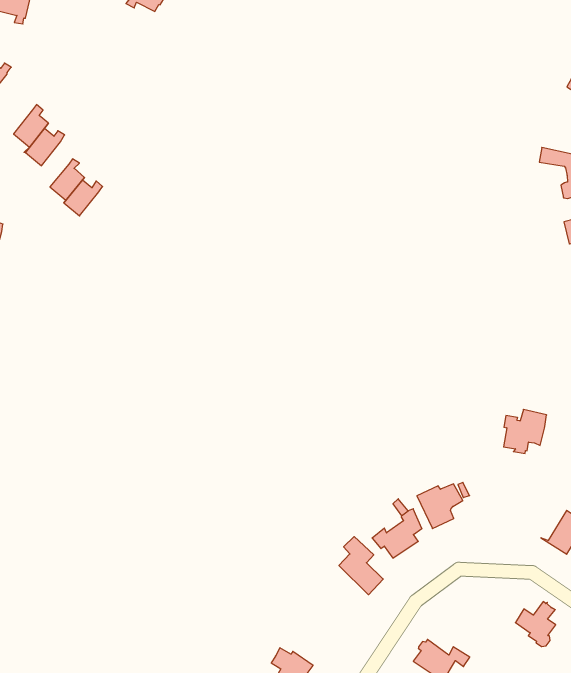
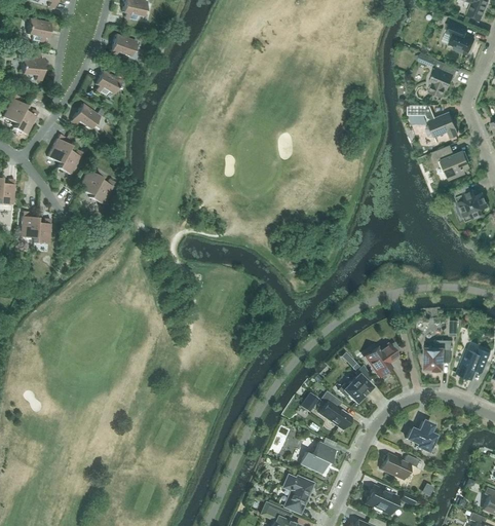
building: none -> [96,70,122,95]
building: none -> [71,103,101,128]
building: [504,409,547,453] -> [425,339,453,369]
building: [515,602,556,647] -> [407,420,434,451]
building: none -> [300,440,336,474]

